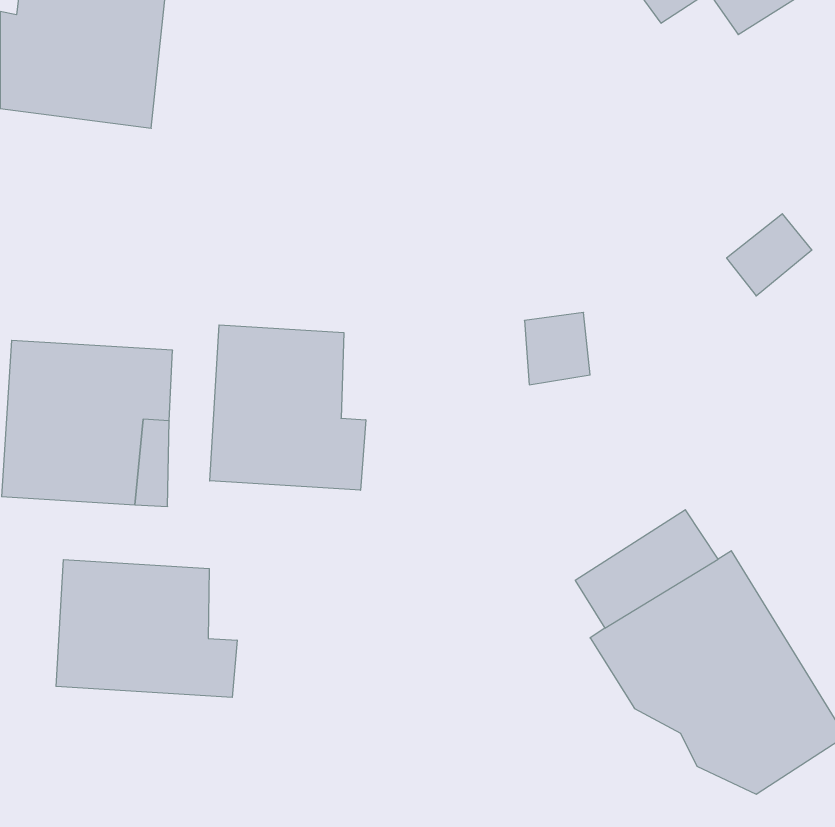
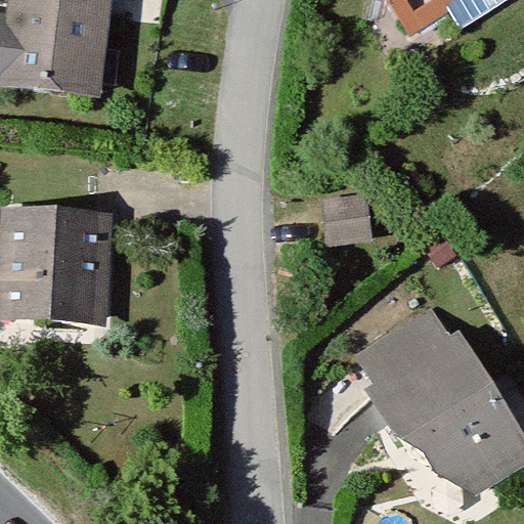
building: [210,325,366,490] -> none
building: [56,560,237,697] -> none

